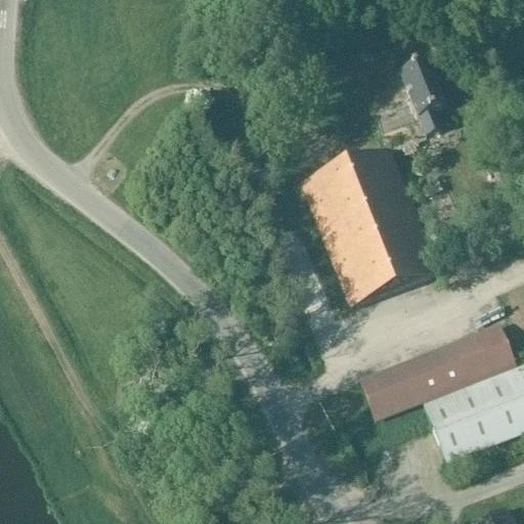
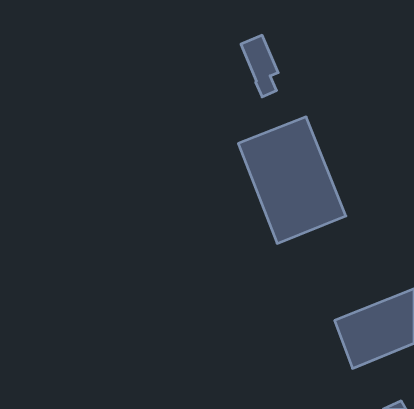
building: [398,58,445,136] -> [241,35,278,97]
building: [360,324,513,419] -> none

